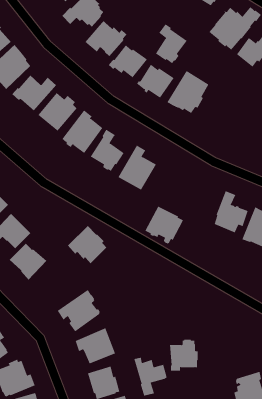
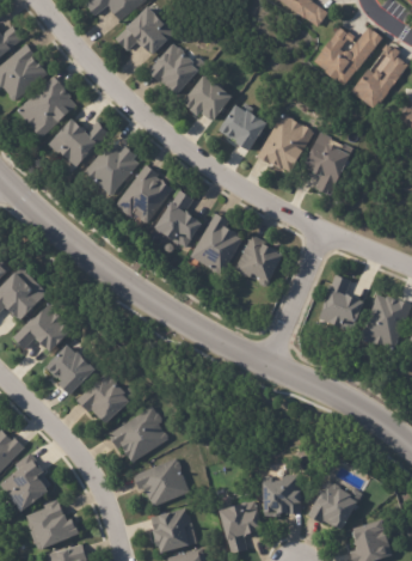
building: [155,23,187,64] -> none
building: none -> [303,130,355,194]
building: [145,206,184,244] -> [234,234,287,286]
building: [67,225,107,264] -> [78,372,131,425]
building: none -> [303,476,358,526]

